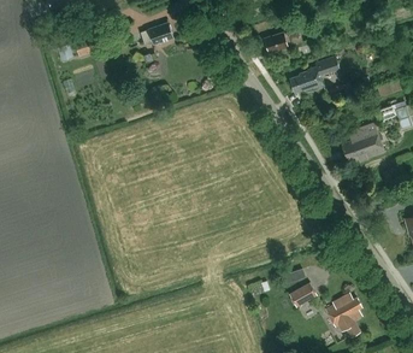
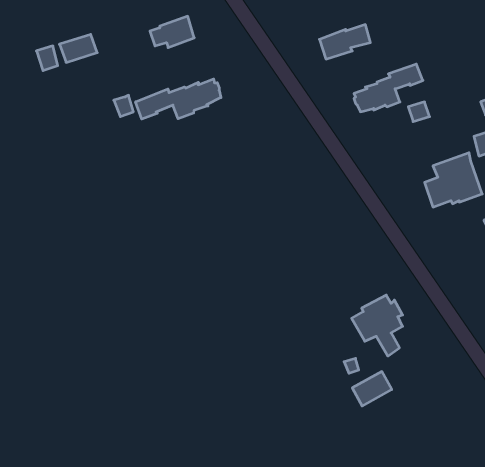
building: none -> [136,79,221,119]
building: [324,293,361,337] -> [352,295,403,356]

